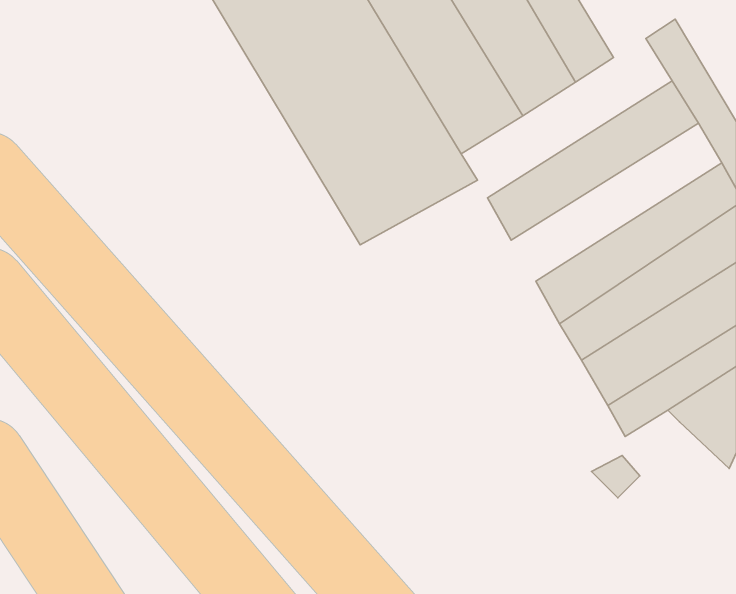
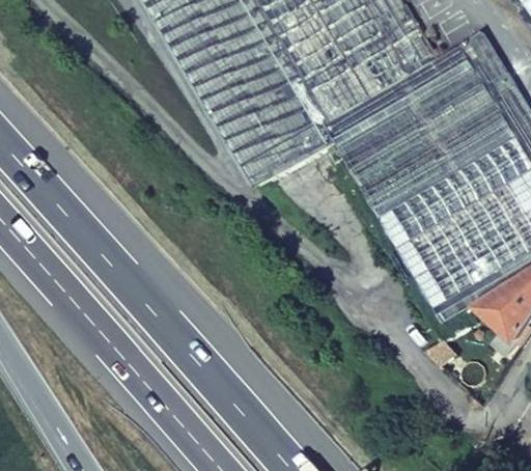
building: none -> [329,44,478,157]
building: none -> [364,104,513,216]

